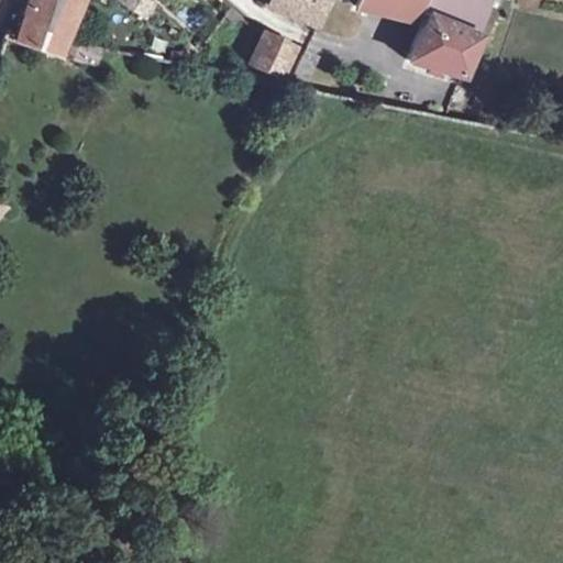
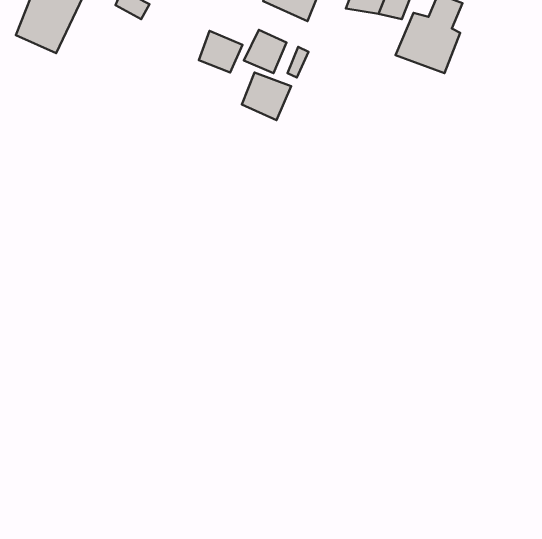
building: none -> [199,31,242,73]
building: none -> [242,72,291,120]

